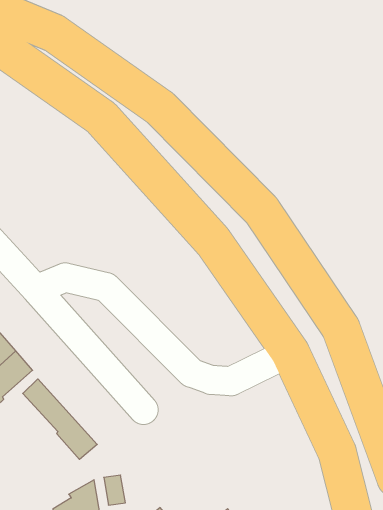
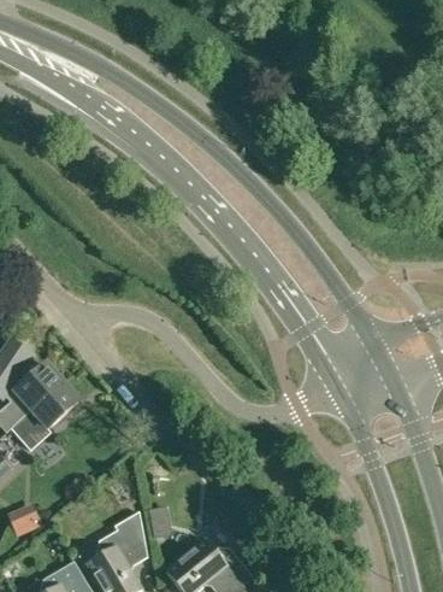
building: [23,379,97,459] -> none

